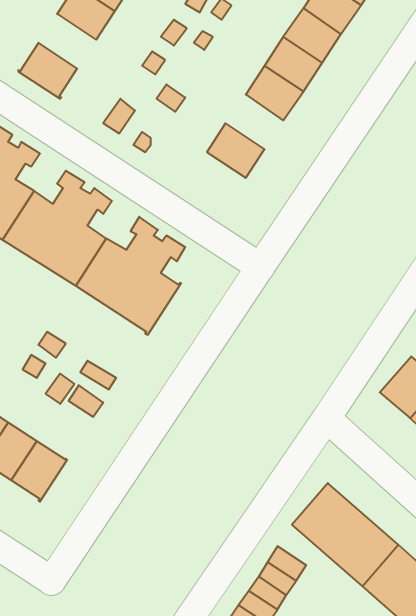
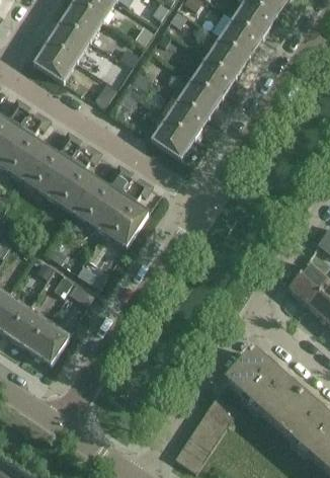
building: none -> [49,21,89,60]
building: none -> [180,78,221,116]
building: none -> [152,118,194,158]

